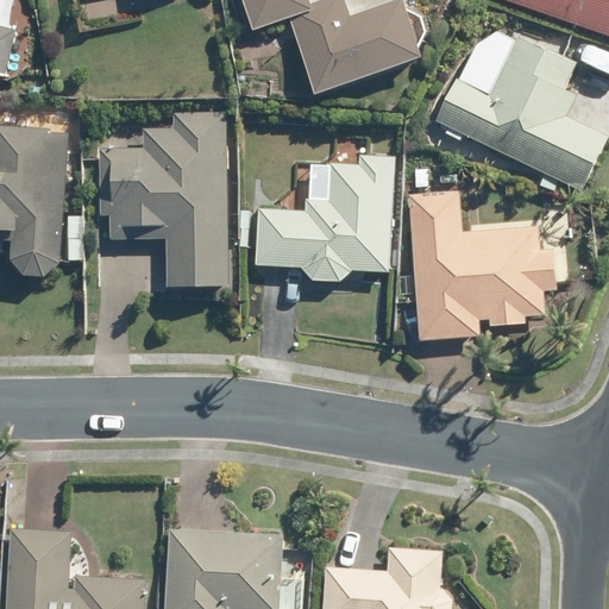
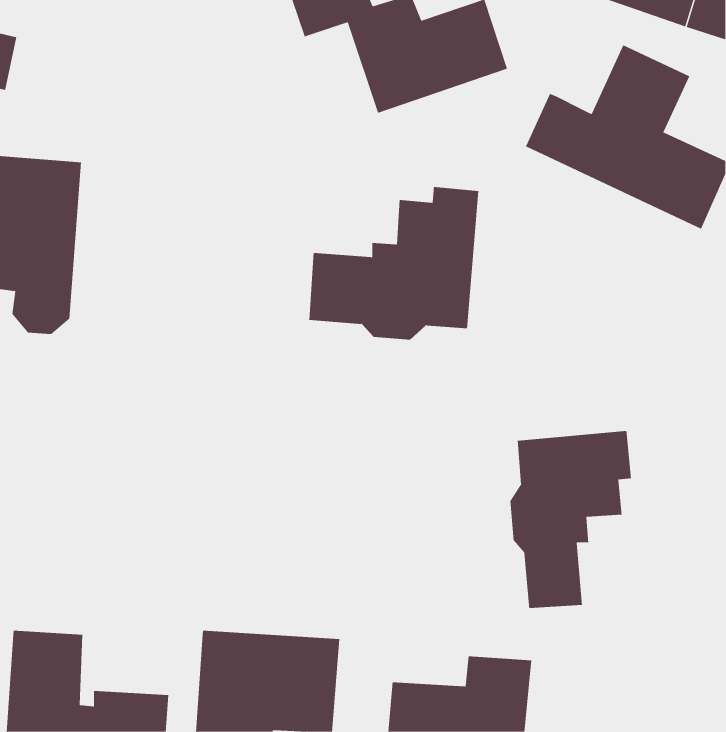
building: [94,112,220,283] -> none
building: [408,192,557,339] -> none
building: none -> [510,430,632,609]

